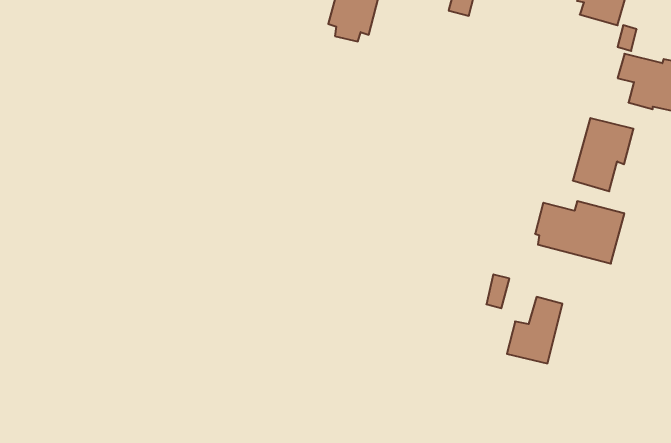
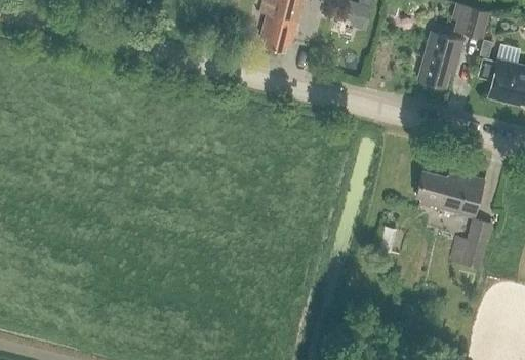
building: [573,118,634,191] -> [417,32,463,87]
building: [507,297,562,363] -> [451,218,493,269]

